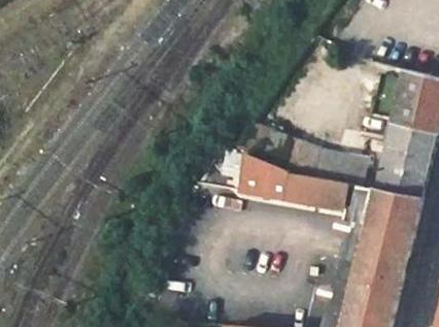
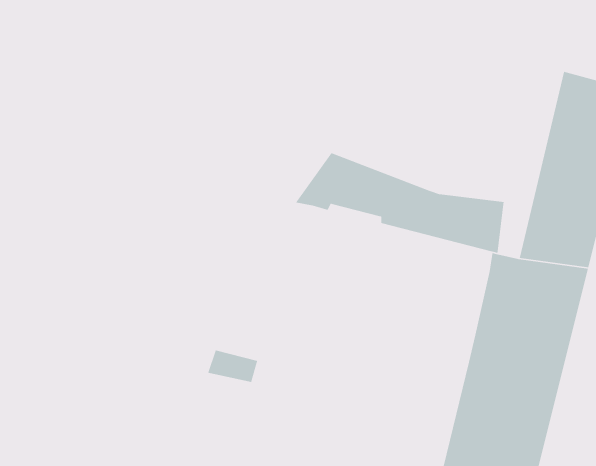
building: [237,157,358,208] -> none

